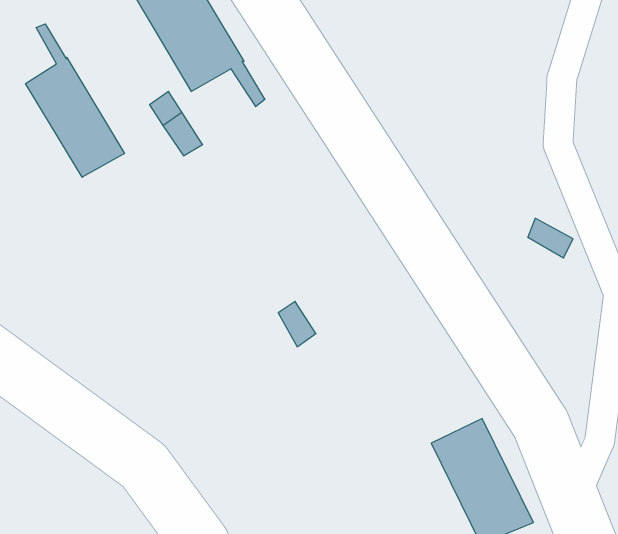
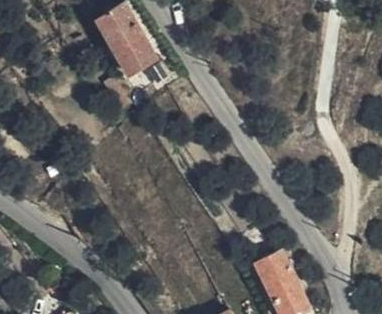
building: [26,24,124,177] -> none

